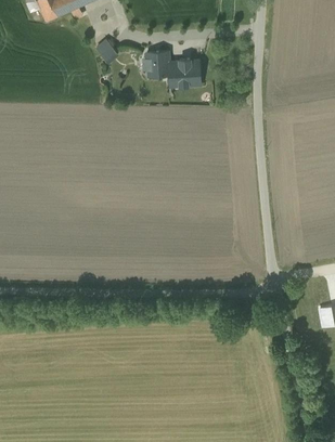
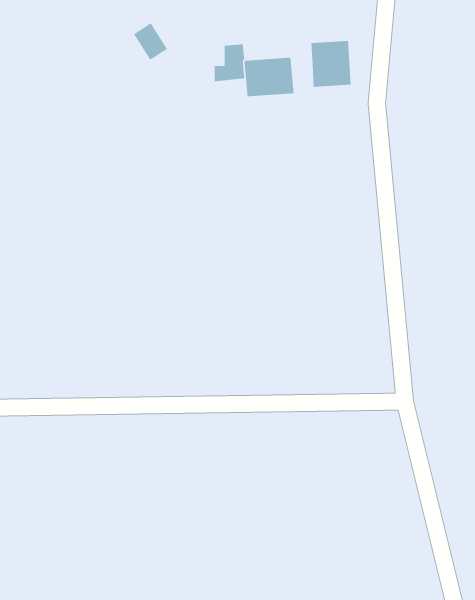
building: none -> [311,40,351,88]

